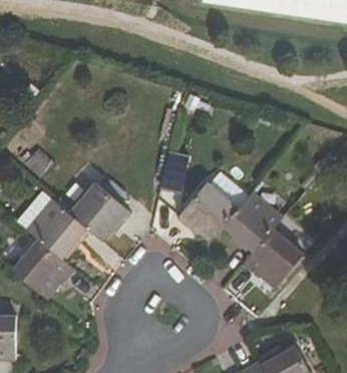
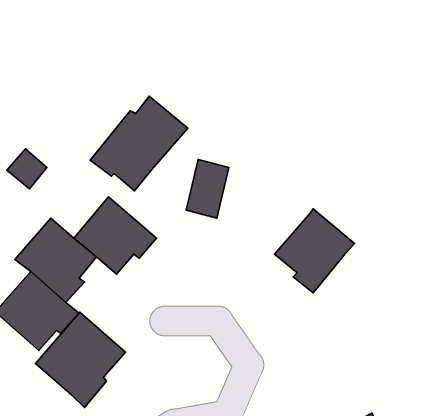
building: [176,170,249,242] -> [90,96,188,191]
building: [242,227,304,287] -> none
building: none -> [35,312,126,408]

